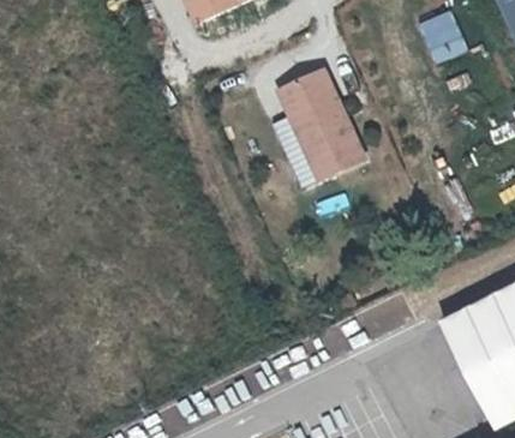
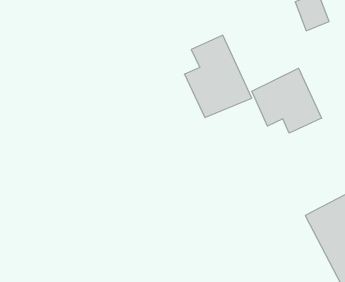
building: none -> [252,68,322,133]

